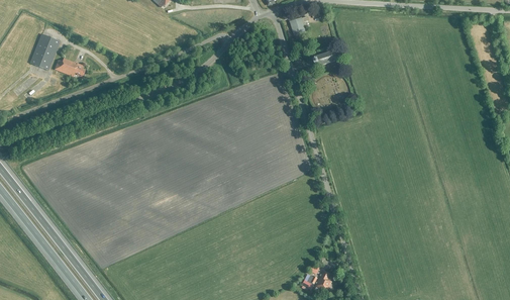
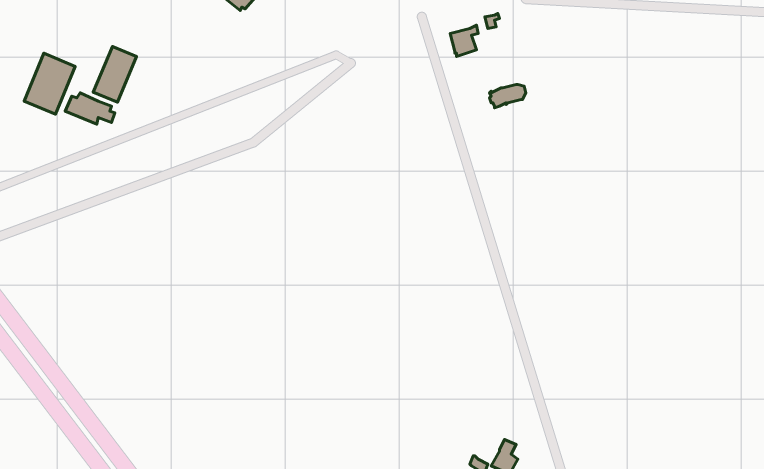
building: none -> [93,47,137,102]

